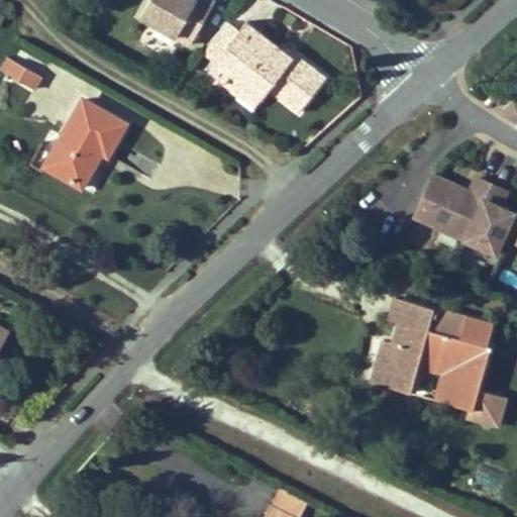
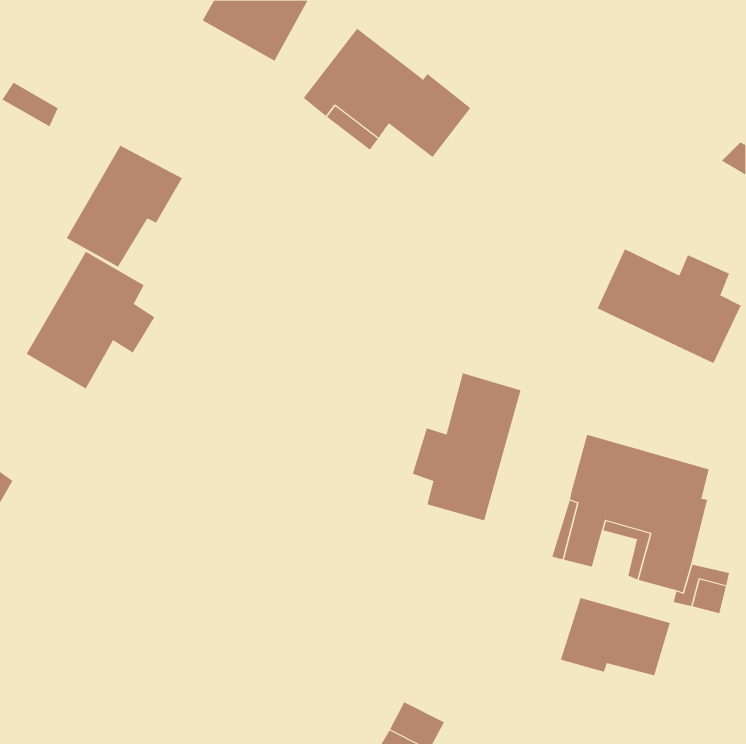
building: none -> [26,251,155,389]
building: none -> [412,373,521,521]
building: none -> [560,597,670,676]

